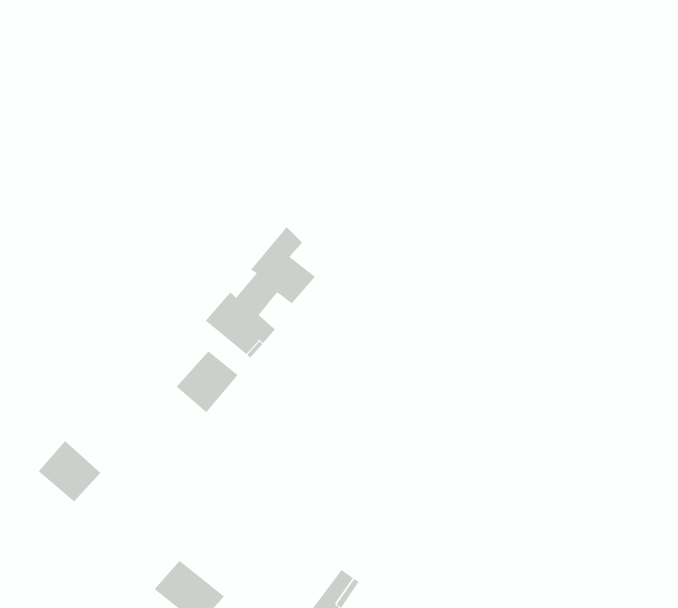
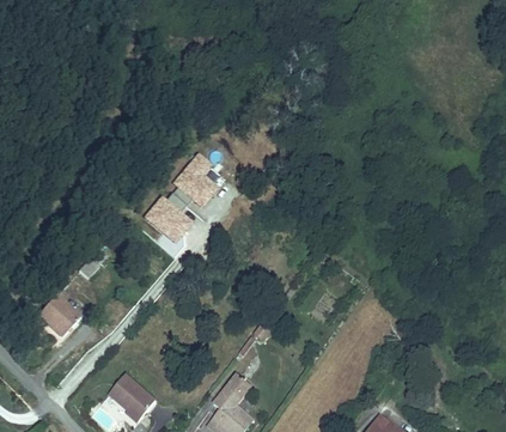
building: [176,350,239,413] -> none

